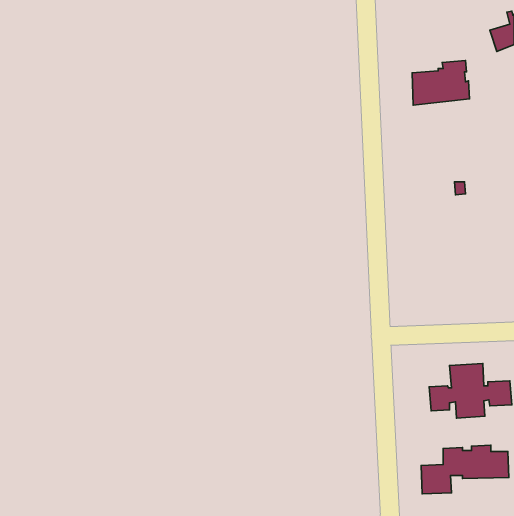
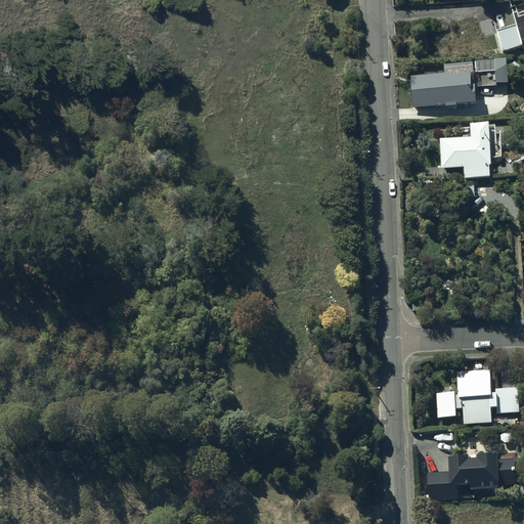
building: none -> [474,58,495,86]
building: none -> [439,121,500,176]

